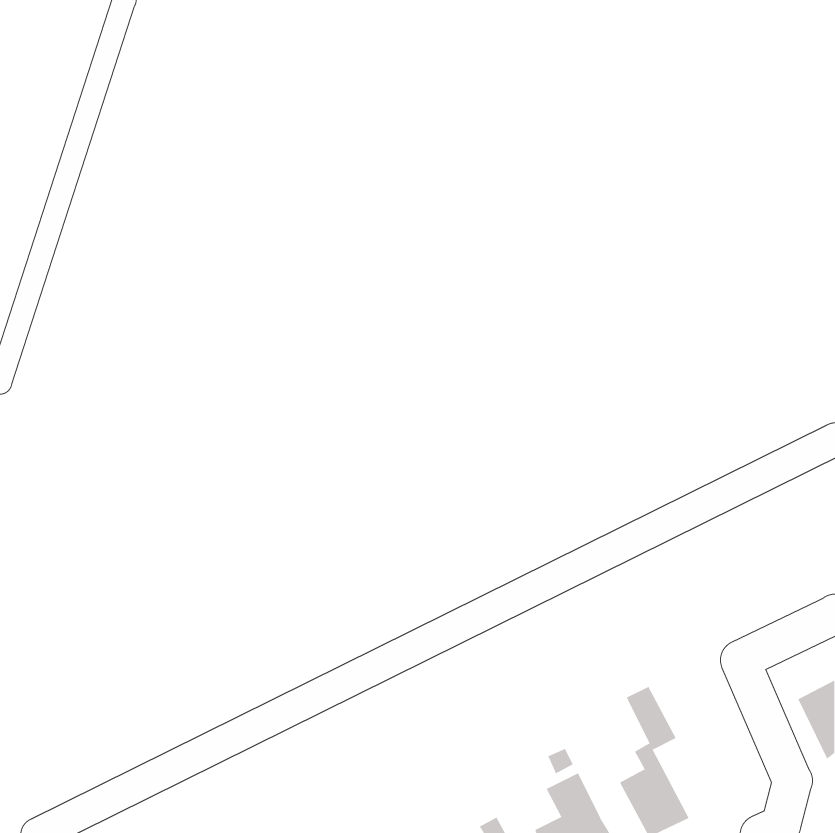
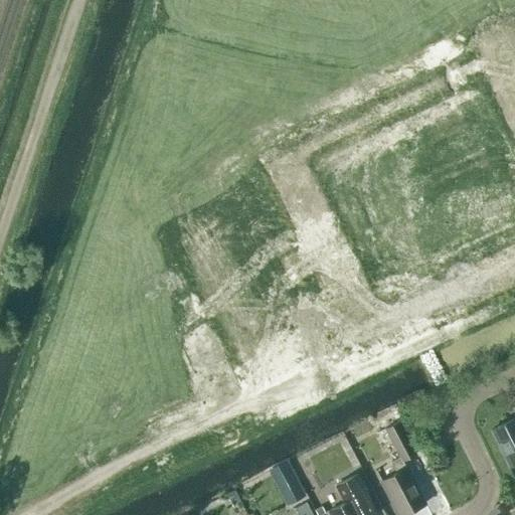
building: none -> [272,470,305,506]

